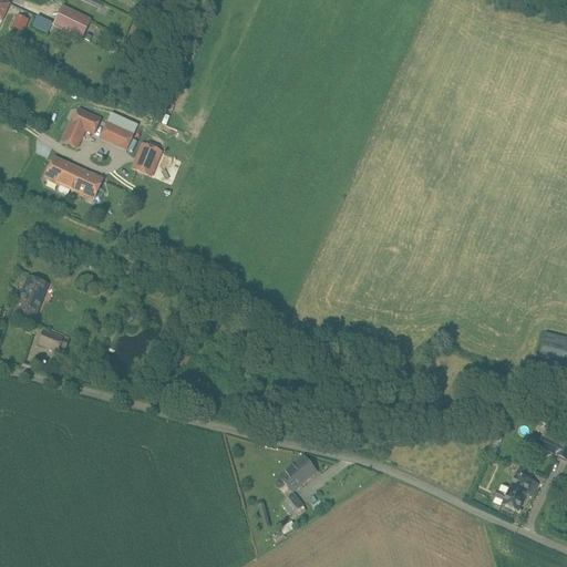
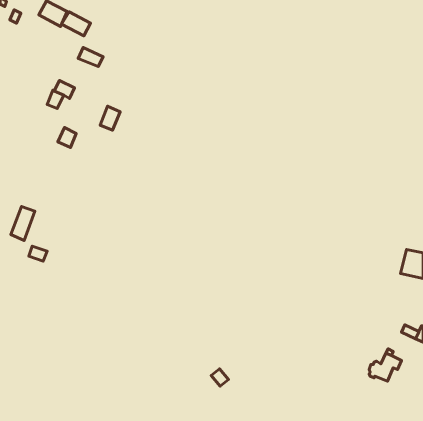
building: none -> [61,12,90,36]
building: [101,121,134,146] -> [78,48,103,67]
building: [47,156,86,193] -> none
building: [279,454,317,489] -> none

